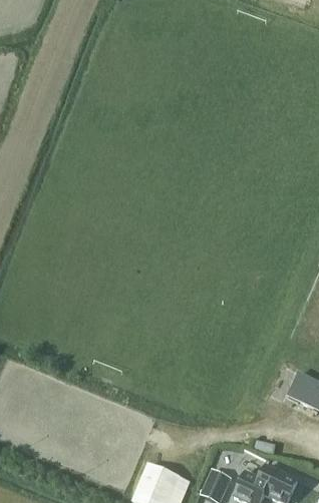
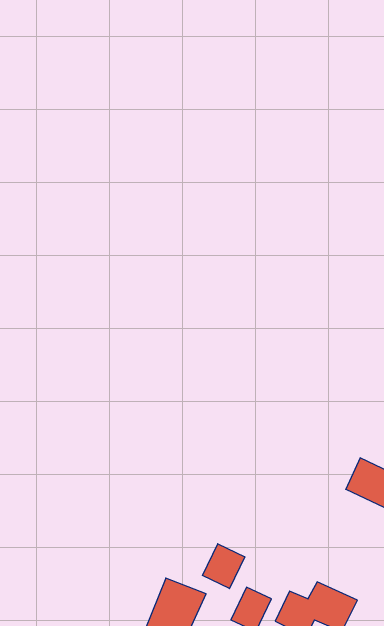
building: none -> [202,544,245,589]

